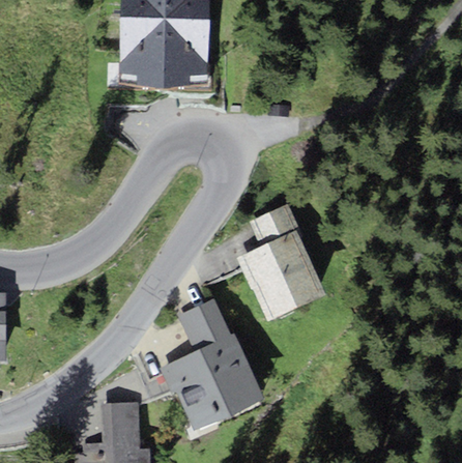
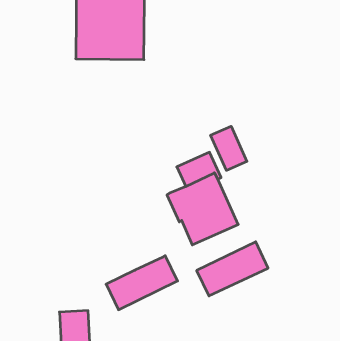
building: none -> [211,126,247,170]
building: [178,298,231,351] -> none
building: [175,365,265,433] -> [197,242,268,296]

